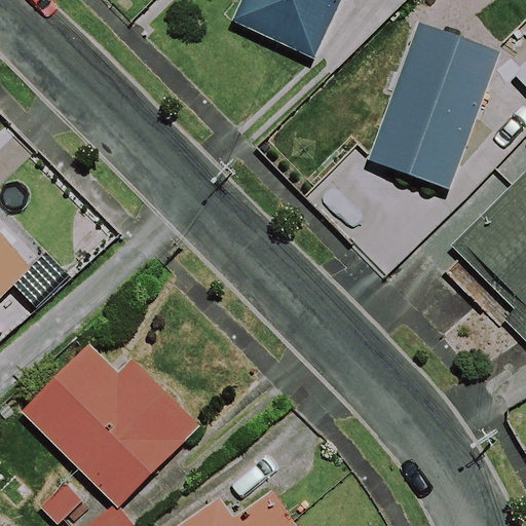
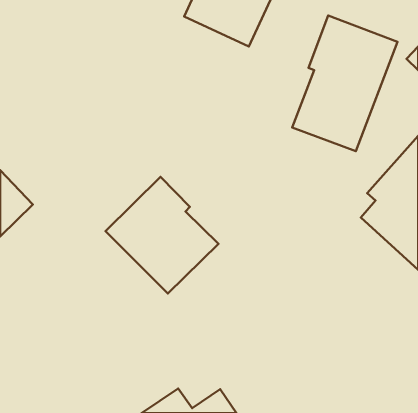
building: none -> [106,177,218,294]
building: [22,343,198,508] -> none

